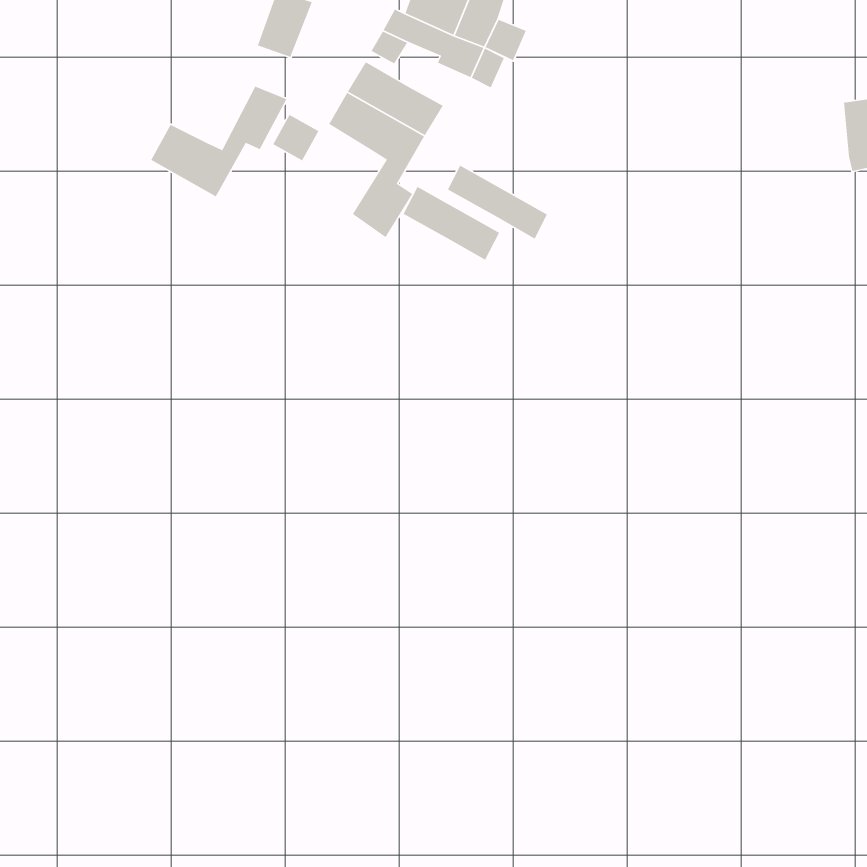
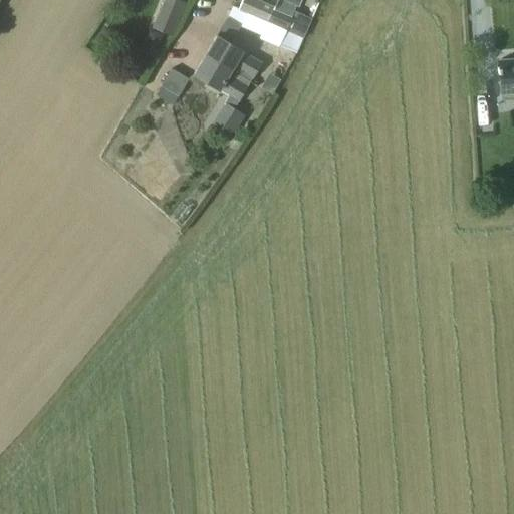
building: [150,86,288,198] -> none
building: [447,165,548,240] -> none
building: [403,186,500,261] -> none

